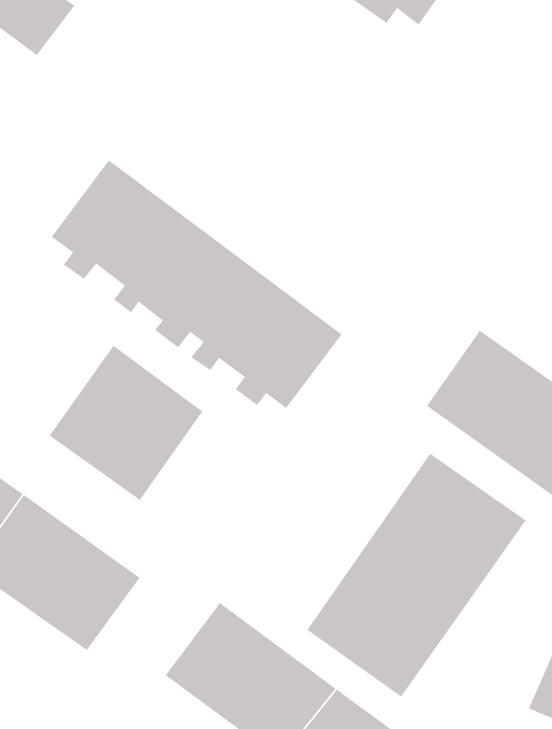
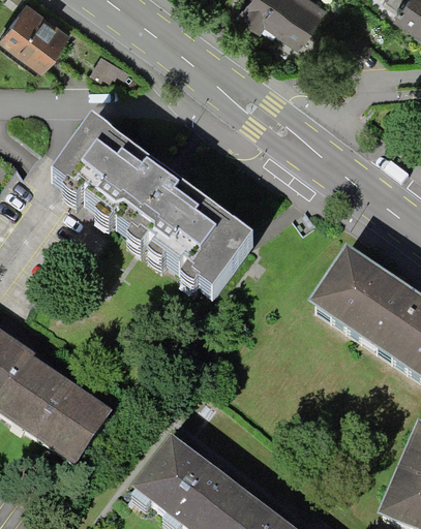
building: [49,345,203,501] -> none
building: [306,453,526,698] -> none

